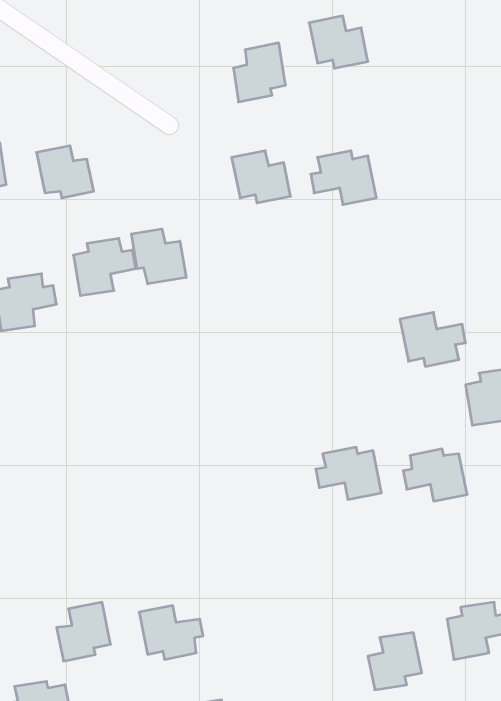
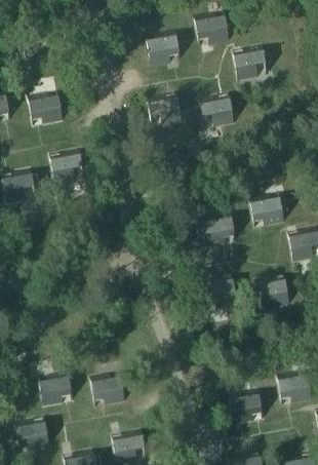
building: none -> [234,46,272,81]
building: [131,229,186,284] -> none
building: none -> [197,212,235,247]

